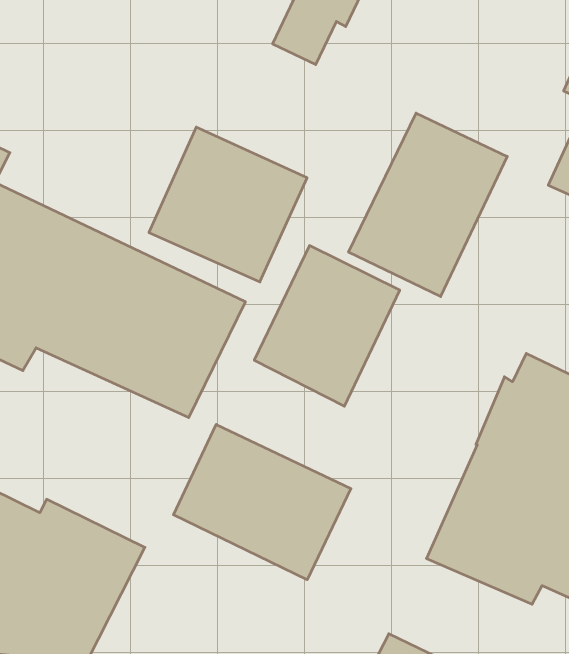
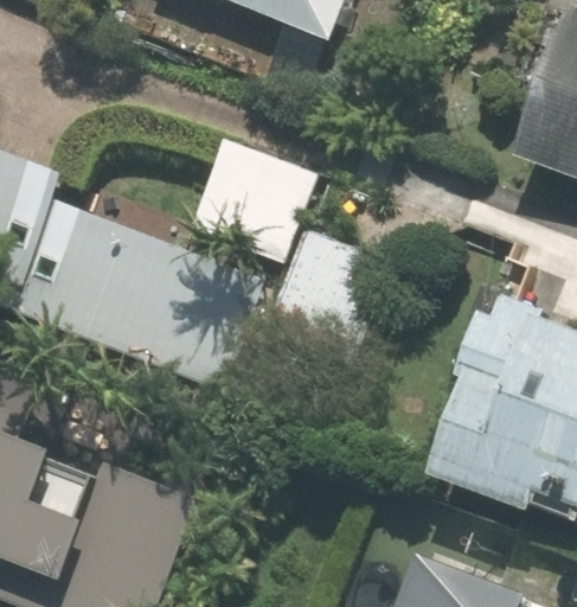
building: [349,113,507,297] -> none
building: [173,424,351,580] -> none

